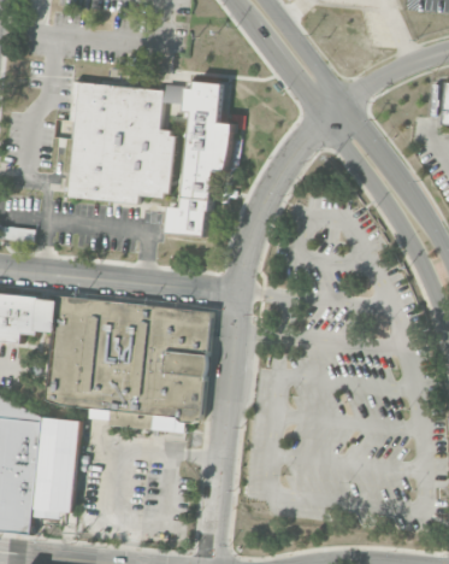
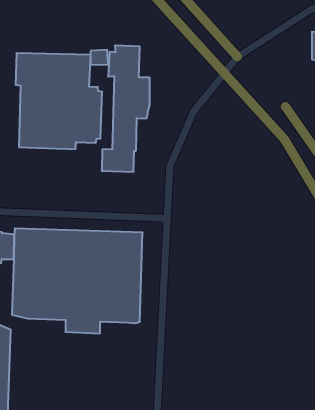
building: [33,418,81,513] -> none

